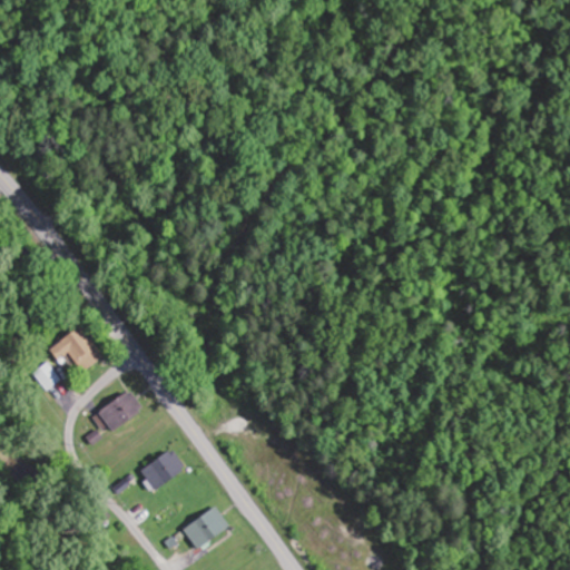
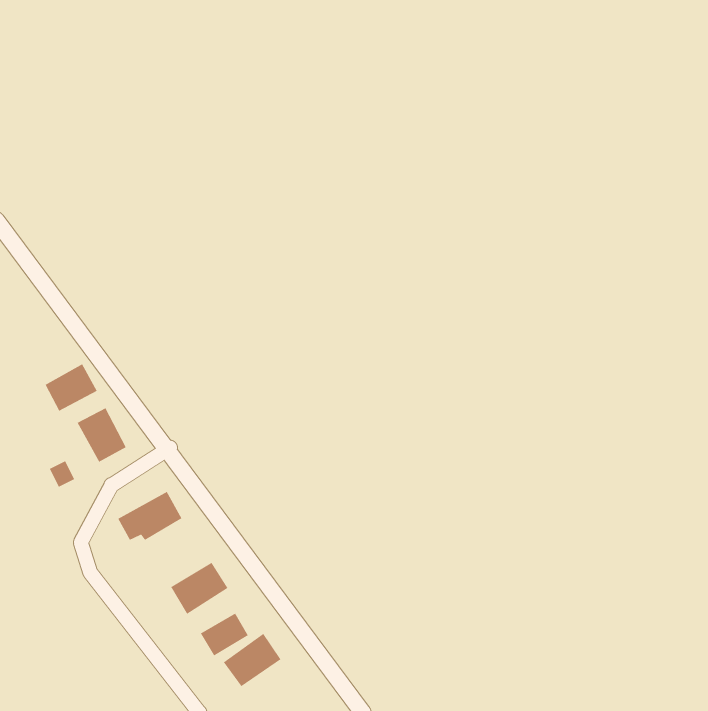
building: none -> [45,363,98,412]
building: none -> [200,613,249,657]

